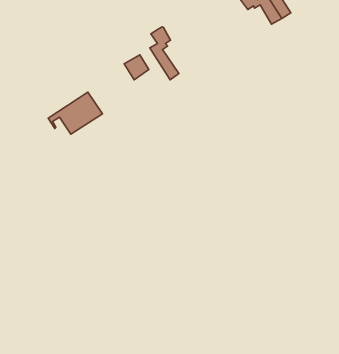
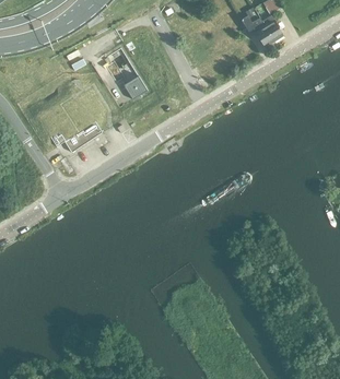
building: [150,27,179,80] -> none

